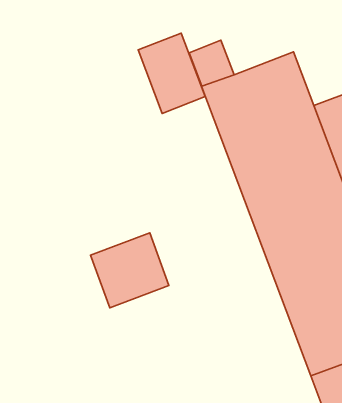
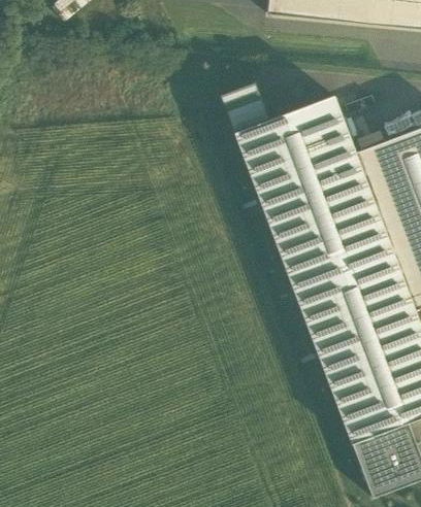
building: [138,33,205,113] -> none
building: [91,233,169,308] -> none

